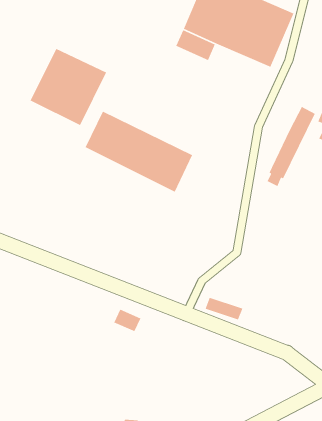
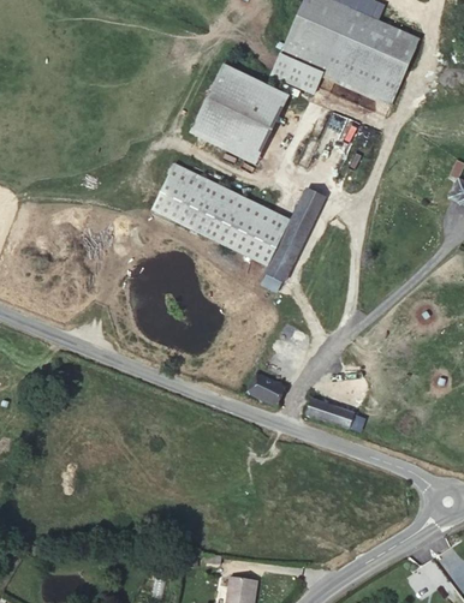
building: [29,48,107,126] -> [189,64,287,163]
building: [267,106,316,187] -> [262,189,325,292]
building: [113,309,141,332] -> [246,374,282,404]

